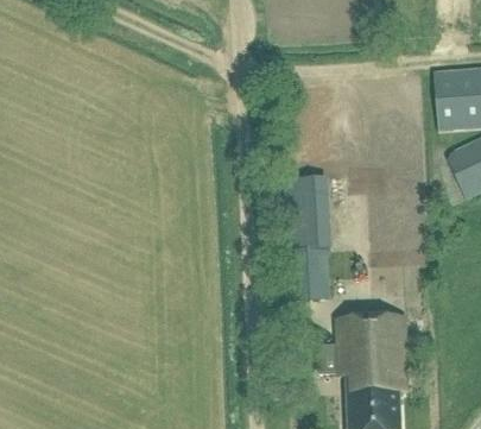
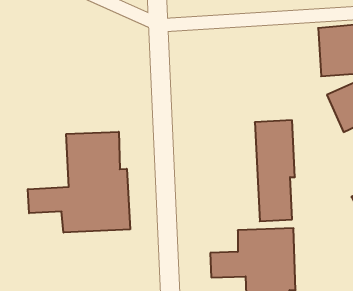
building: [281,177,330,299] -> [255,120,295,221]
building: none -> [28,132,130,233]

